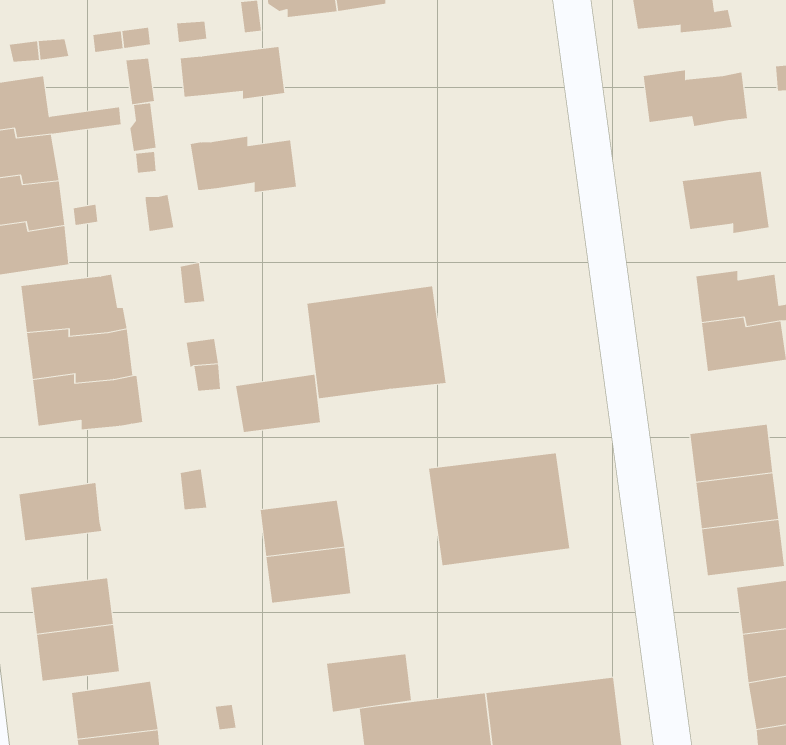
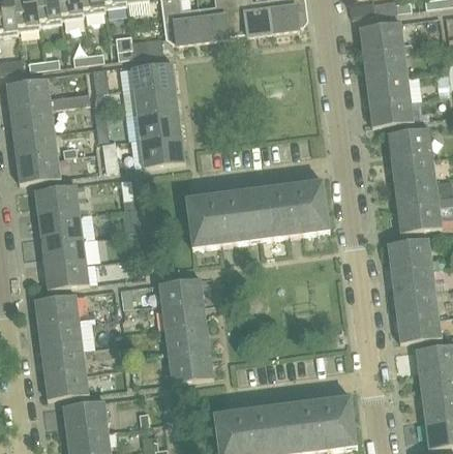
building: none -> [362,50,407,79]
building: none -> [121,85,178,114]
building: none -> [368,98,414,127]
building: none -> [139,133,184,167]
building: none -> [390,155,435,185]
building: [235,374,321,432] -> [157,276,203,307]
building: none -> [386,237,431,267]
building: none -> [43,260,95,287]
building: [428,453,570,566] -> [253,180,329,240]
building: none -> [36,319,81,349]
building: [326,654,412,712] -> [168,352,213,383]

